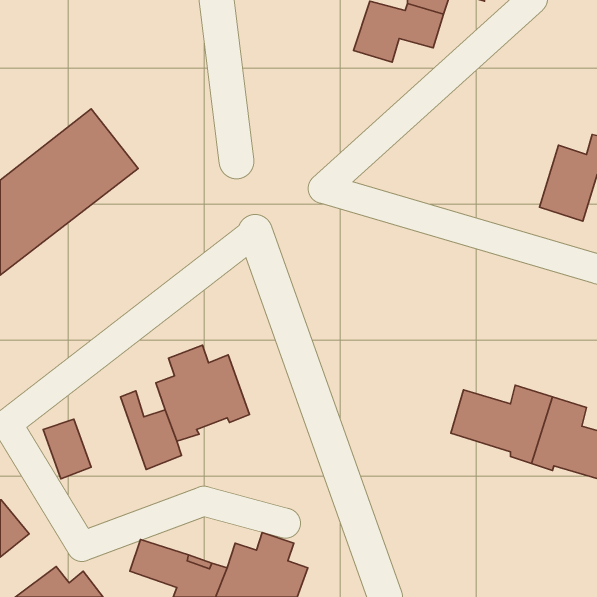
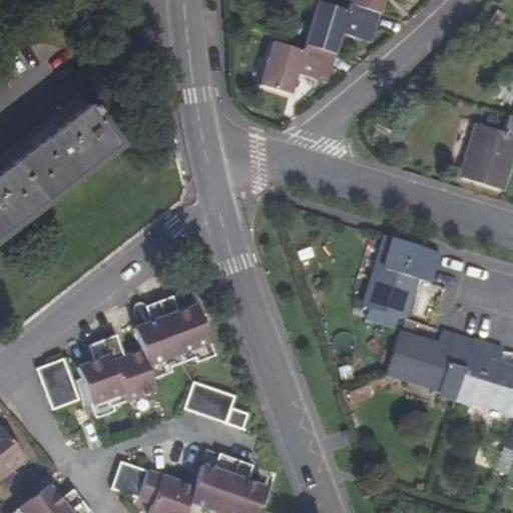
building: none -> [259,41,337,94]
building: none -> [366,235,440,327]
building: none -> [77,340,126,418]
building: none -> [184,382,247,429]

